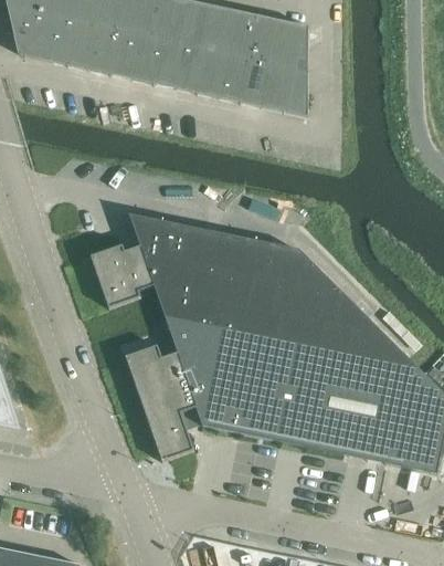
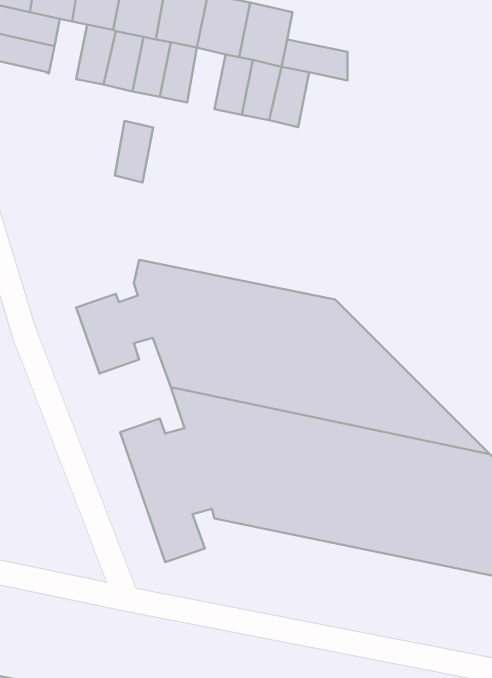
building: [258,14,307,46] -> none
building: [66,20,97,69] -> none
building: [178,43,209,93] -> [115,121,153,182]
building: [267,63,307,115] -> none

